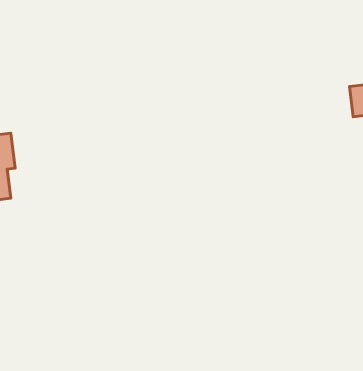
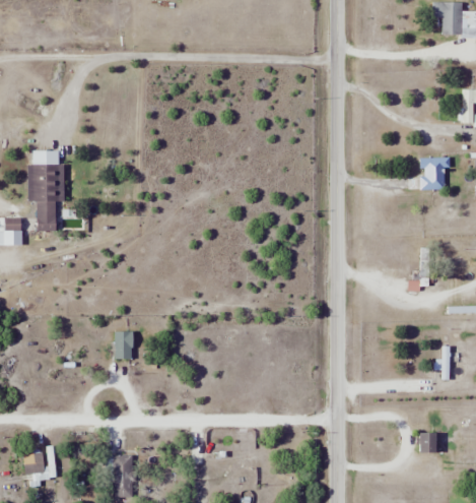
building: none -> [115,331,132,359]

